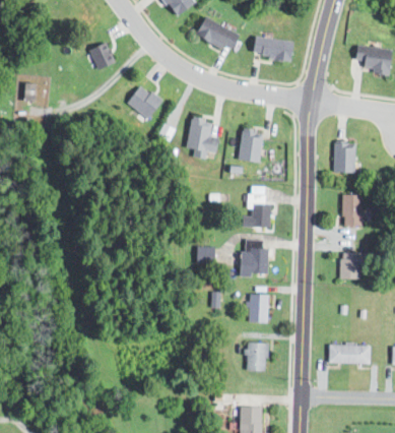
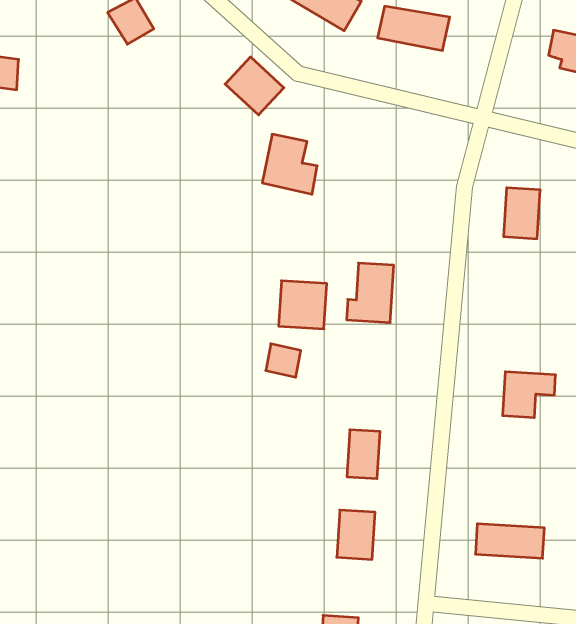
building: [128,83,163,118] -> [225,57,284,115]
building: [241,130,263,161] -> none
building: [343,193,363,226] -> none
building: [241,247,268,274] -> [279,281,327,329]

